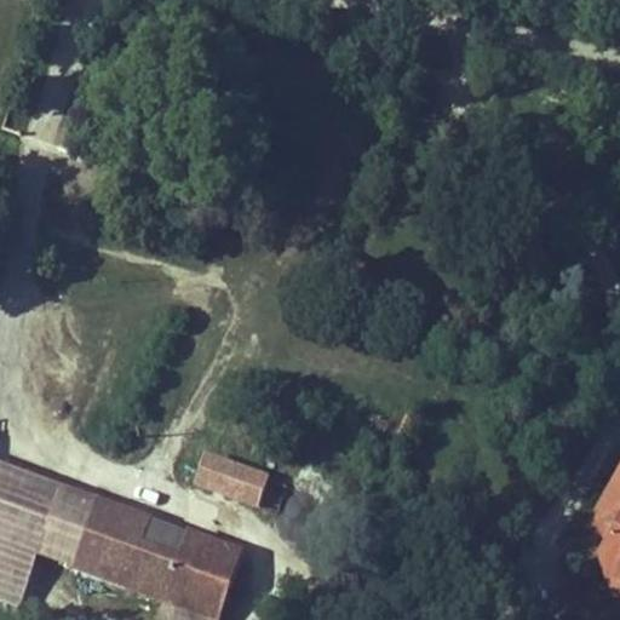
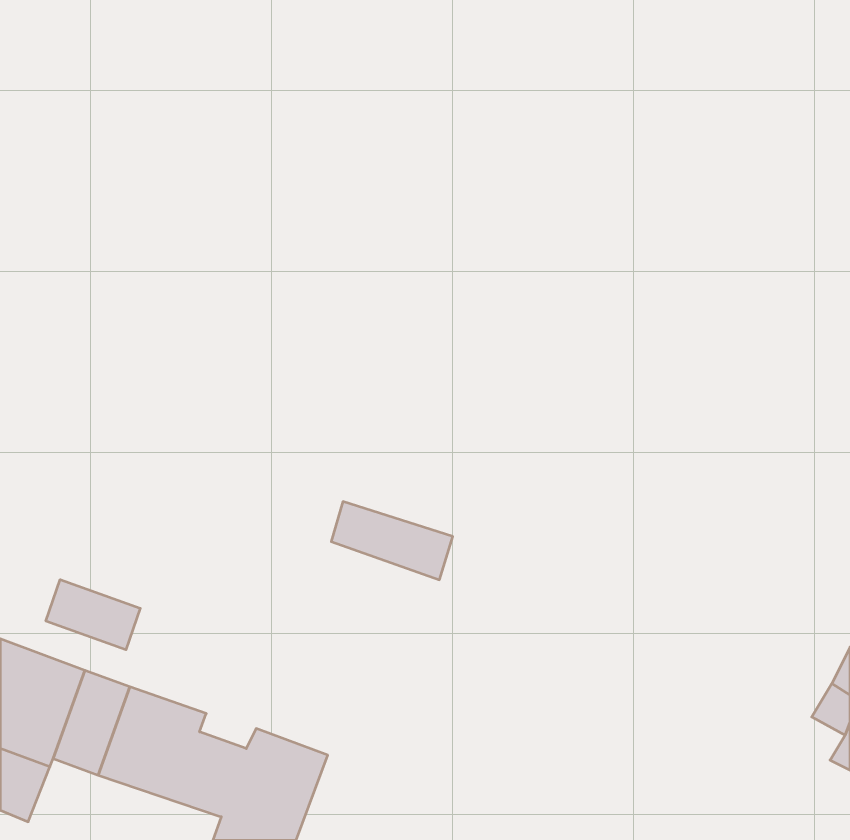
building: none -> [46,580,140,650]
building: [197,452,286,509] -> [331,502,453,580]

